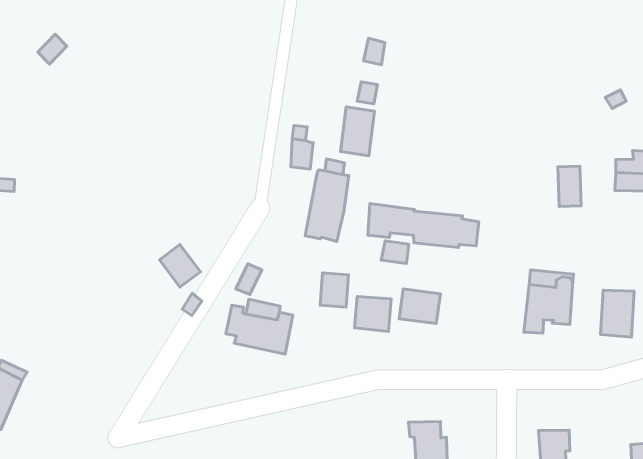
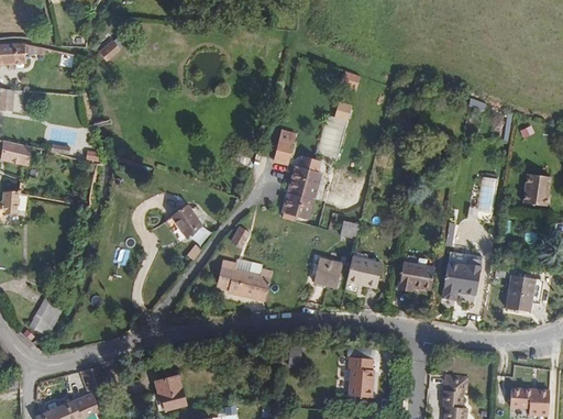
building: [368,204,479,247] -> none
building: [320,273,349,307] -> none
building: none -> [398,263,433,290]

